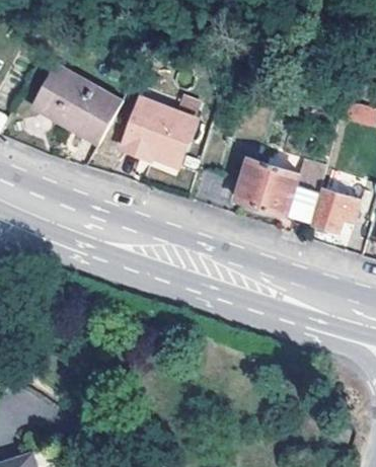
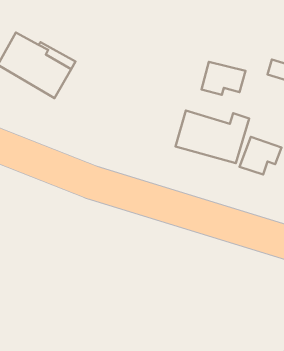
building: [123,101,194,163] -> none
building: none -> [201,62,246,95]

